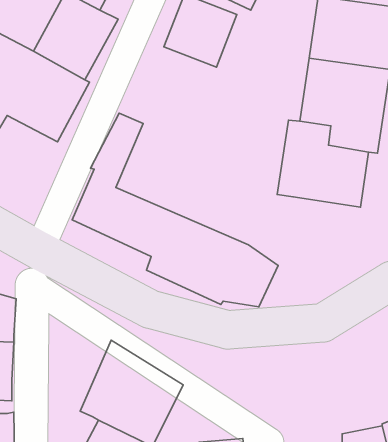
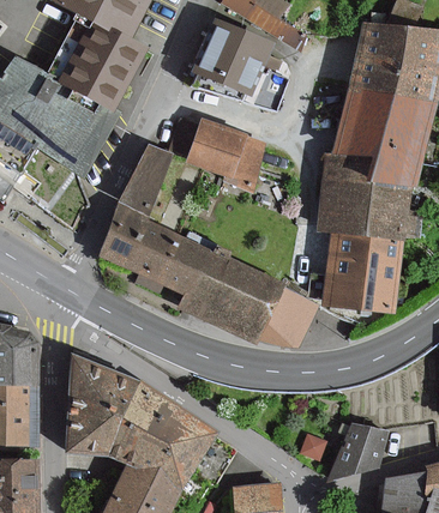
building: none -> [167,111,265,183]
building: none -> [319,231,401,313]
building: none -> [67,354,139,455]
building: none -> [326,421,385,477]

